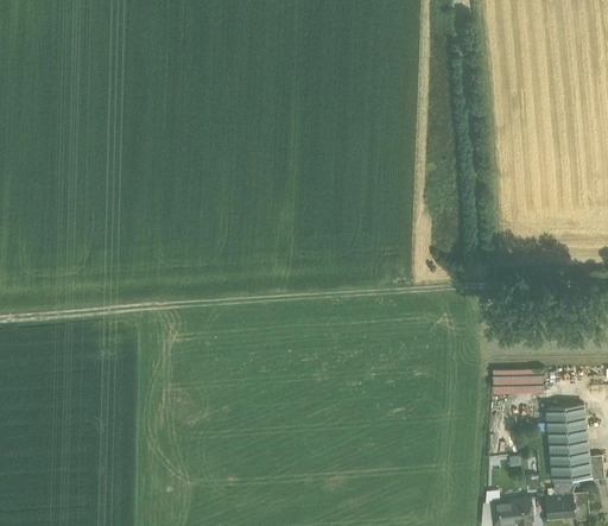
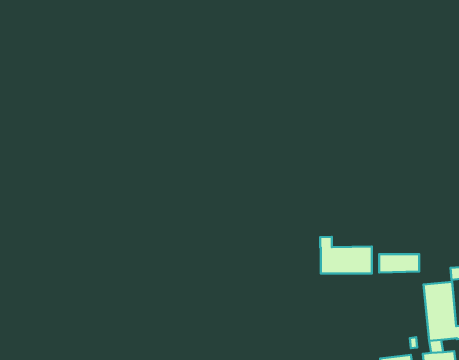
building: none -> [320,237,372,273]

